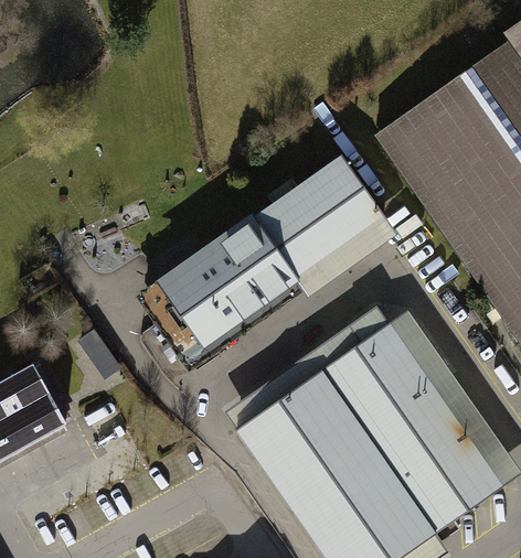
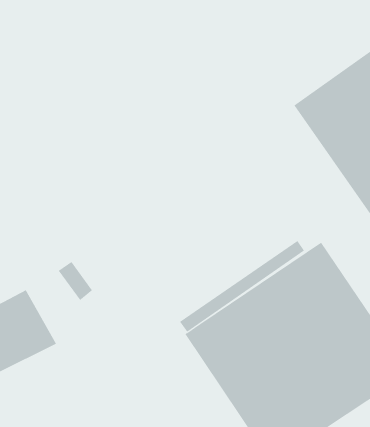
building: [157,155,391,348] -> none

